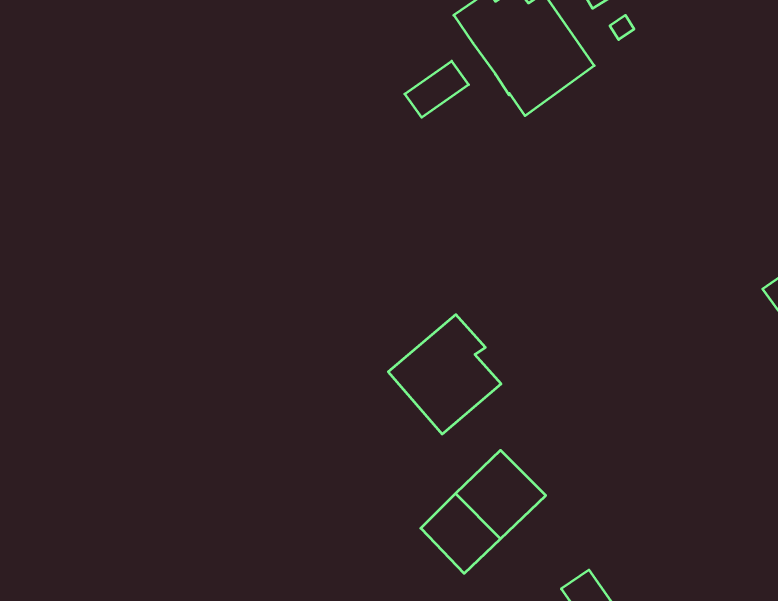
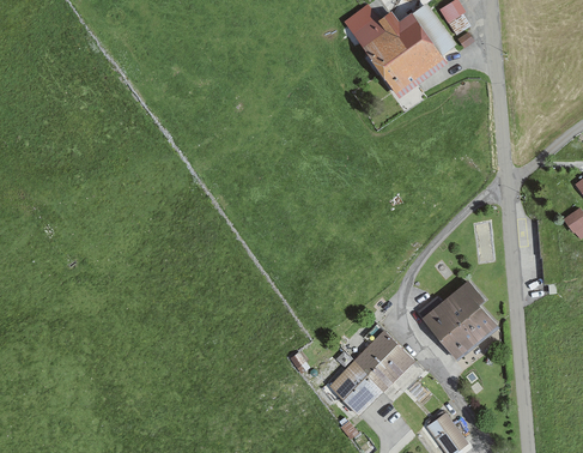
building: [405,61,469,117] -> none
building: [388,315,501,434] -> [421,278,499,361]

